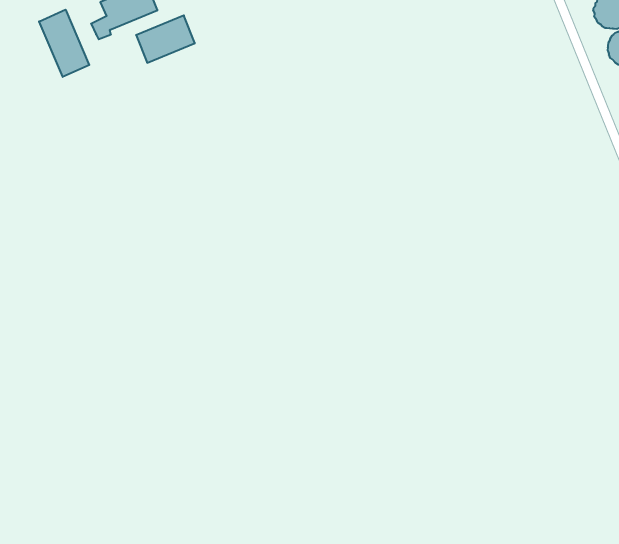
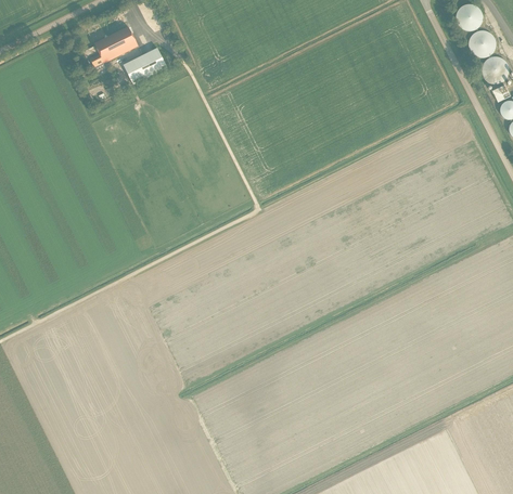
building: [39,10,89,77] -> none

